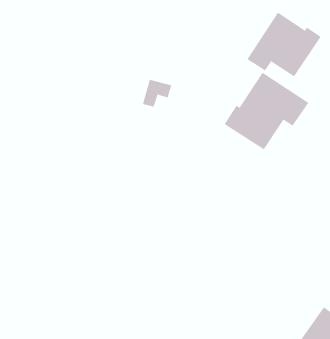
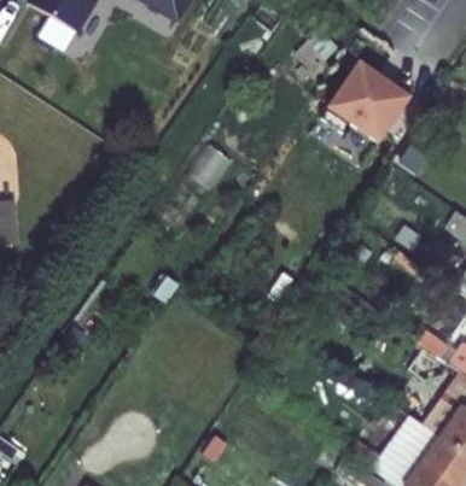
building: [224,72,309,150] -> none

